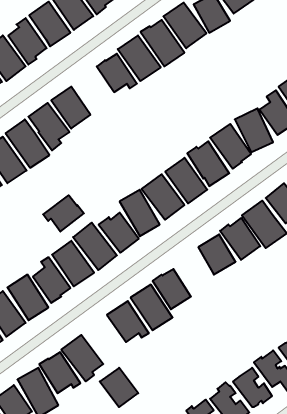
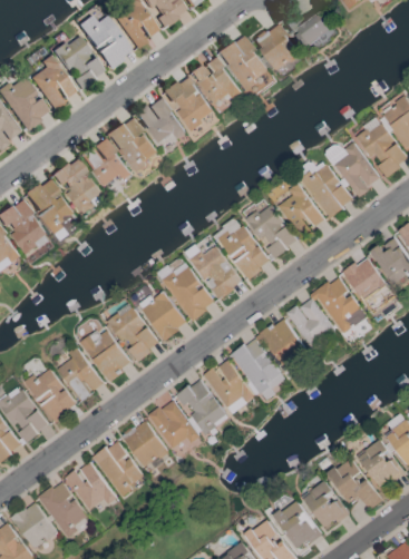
building: none -> [106,117,155,175]
building: [43,195,84,232] -> none
building: none -> [231,339,282,398]
building: [100,368,138,407] -> [120,422,167,470]

